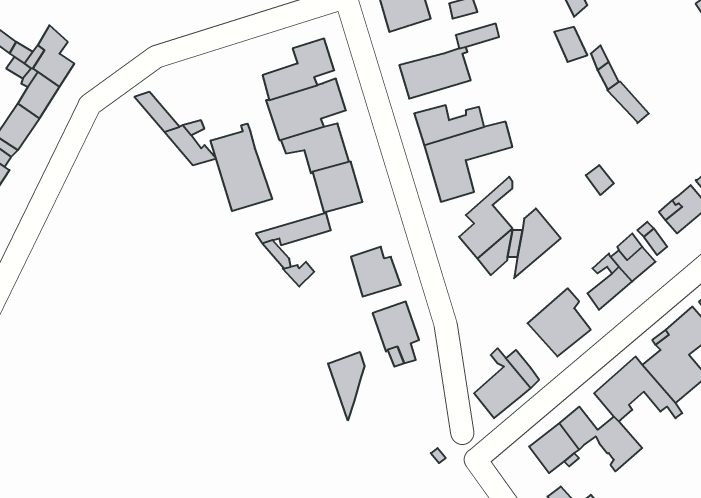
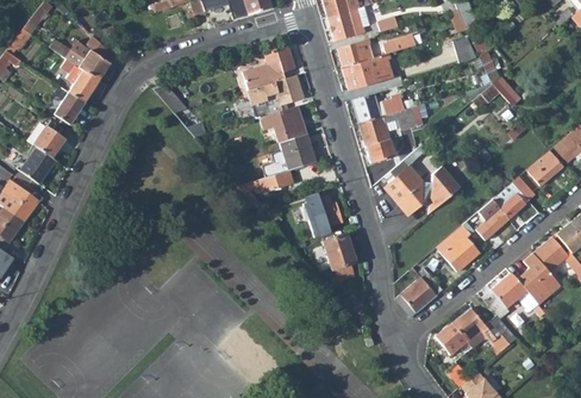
building: none -> [337,38,374,64]
building: [211,124,272,211] -> none
building: [328,352,365,420] -> none

